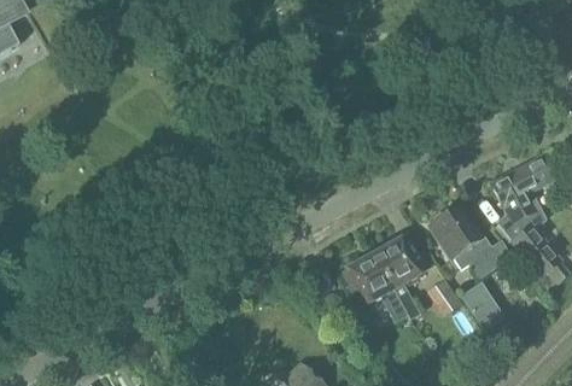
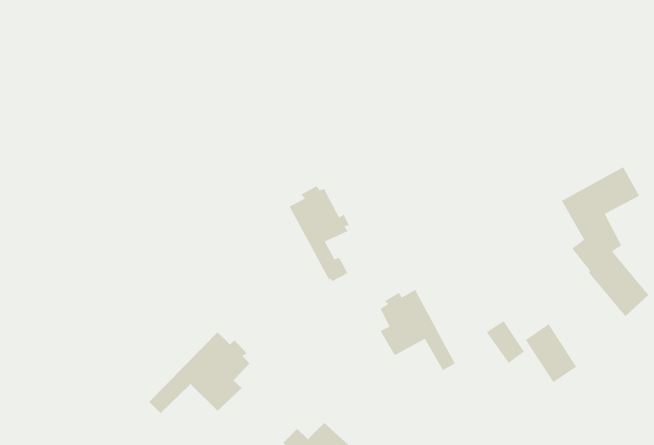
building: [431,207,512,280] -> none
building: [373,238,422,316] -> [288,185,350,282]
building: none -> [148,331,250,414]

